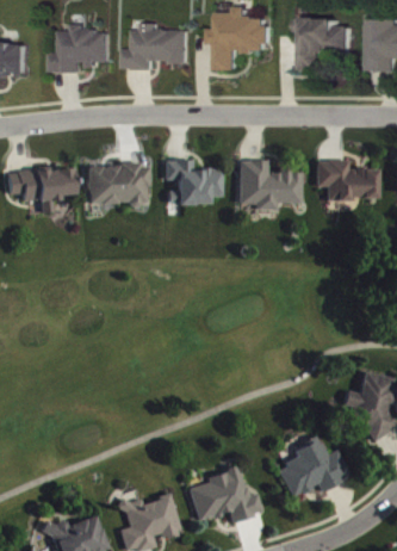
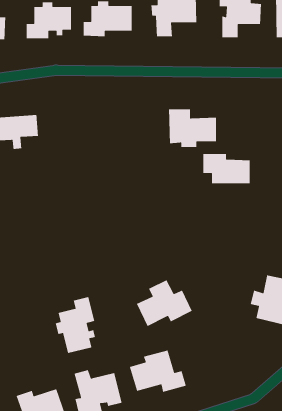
building: [163,160,221,204] -> none
building: [315,160,376,199] -> [203,153,250,184]
building: [87,163,147,204] -> none
building: none -> [55,296,96,354]
building: [275,437,348,497] -> [136,279,193,327]

